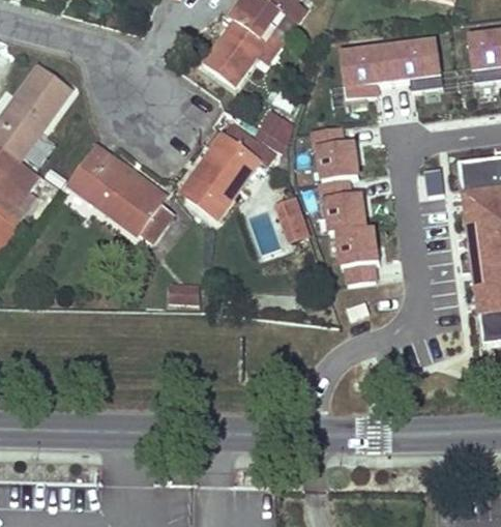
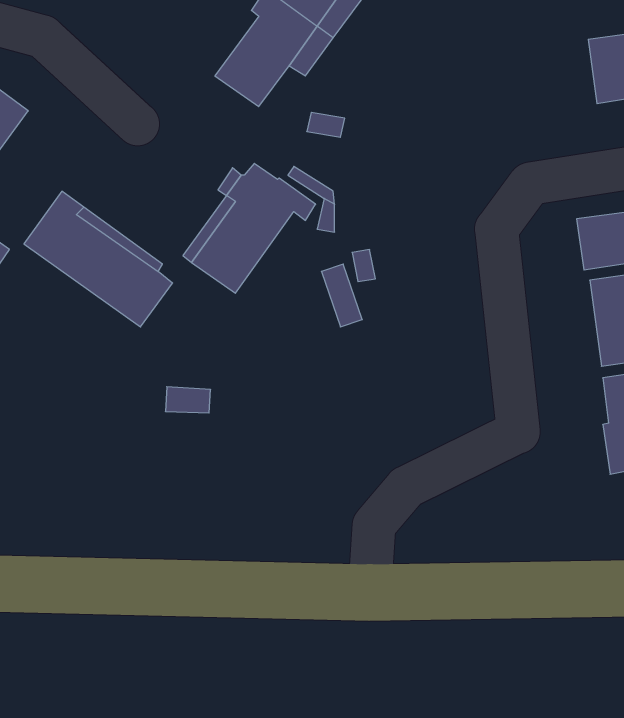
building: [341,40,444,98] -> none
building: [314,126,380,283] -> none

